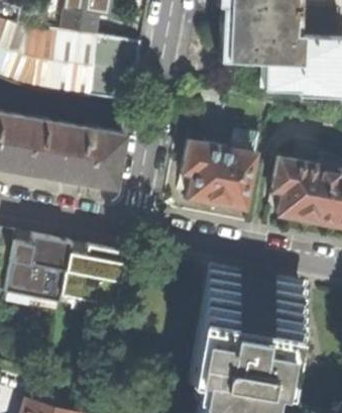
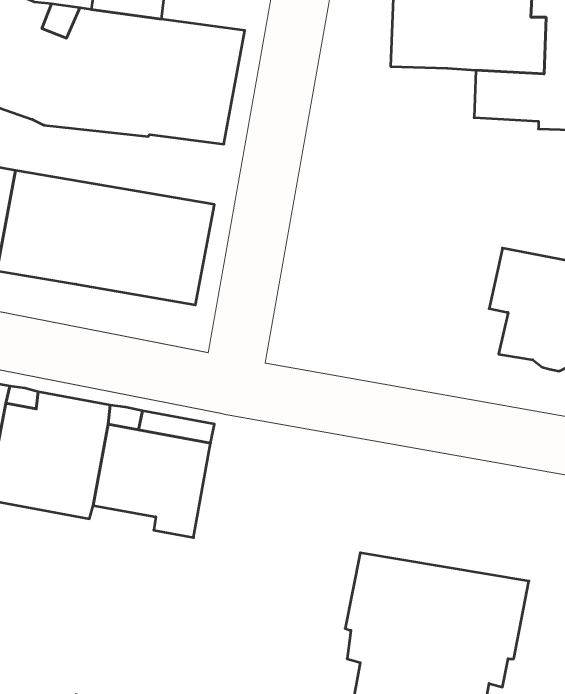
building: [184,131,259,209] -> none
building: [205,270,304,336] -> none

